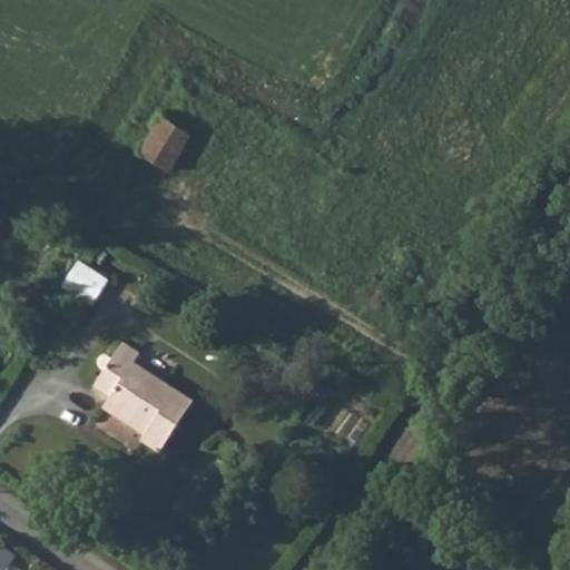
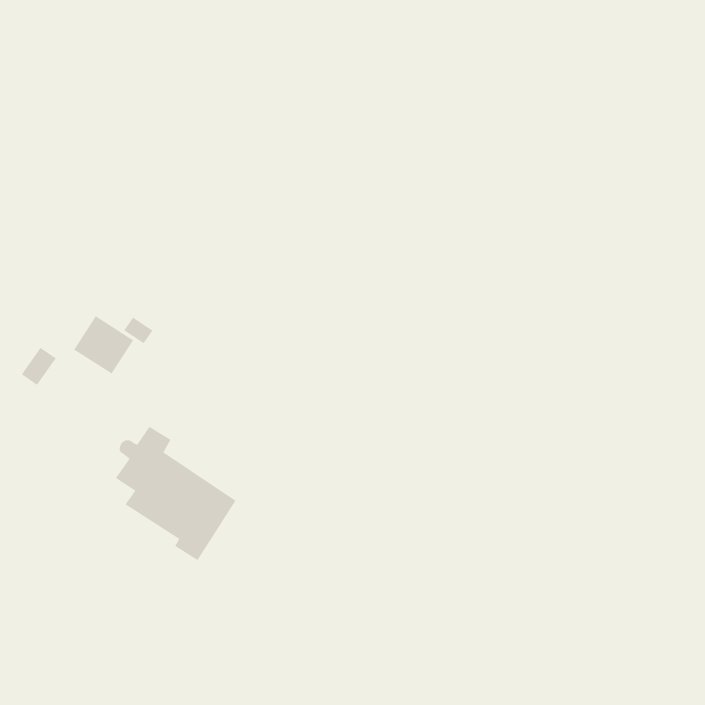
building: [142,118,189,169] -> none

